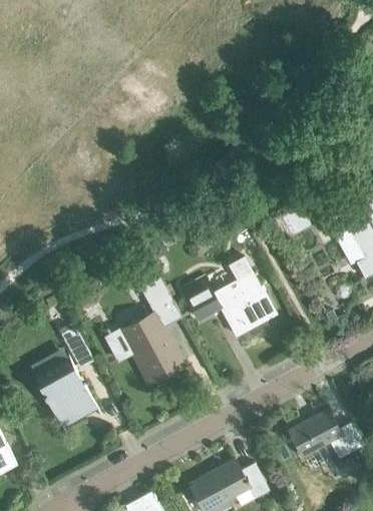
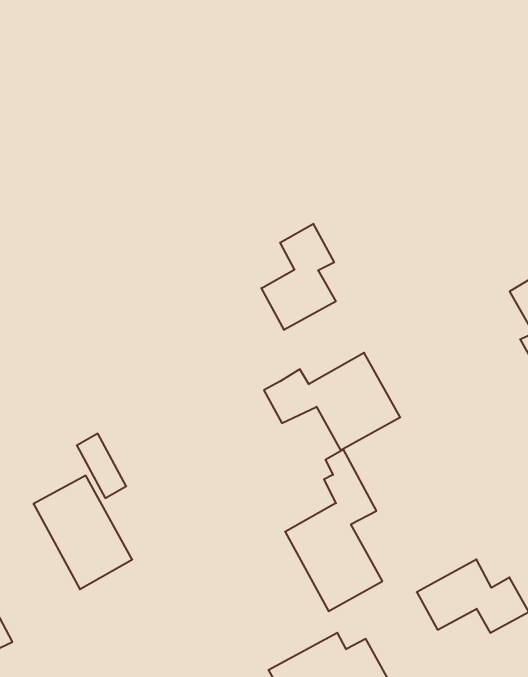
building: none -> [261,224,336,330]
building: [120,277,185,385] -> [285,449,382,611]

